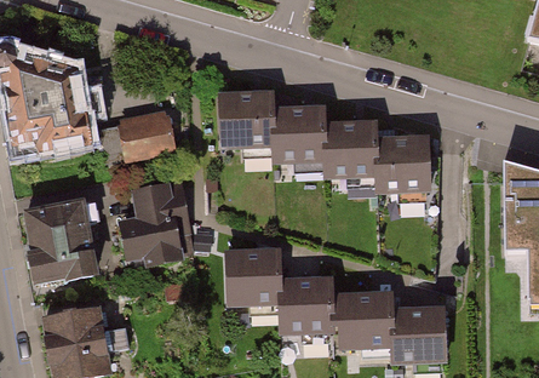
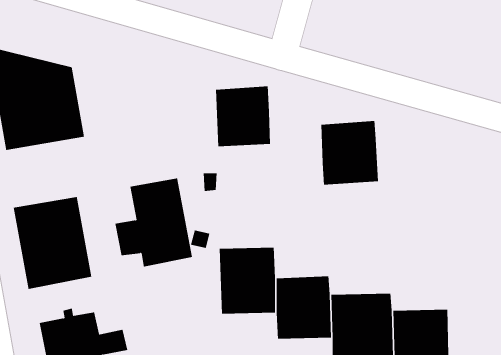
building: [117,107,177,161] -> none
building: [270,109,321,165] -> none
building: [374,136,430,195] -> none

